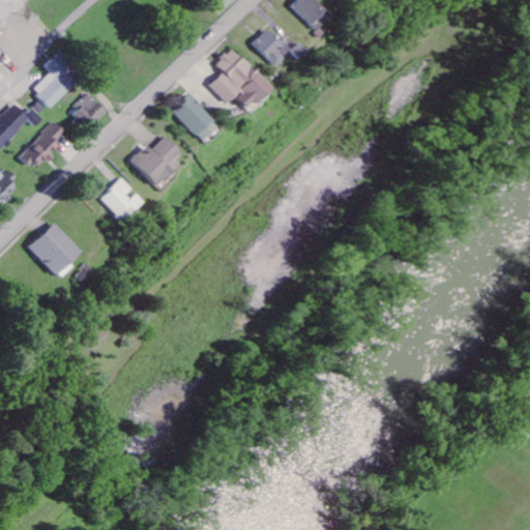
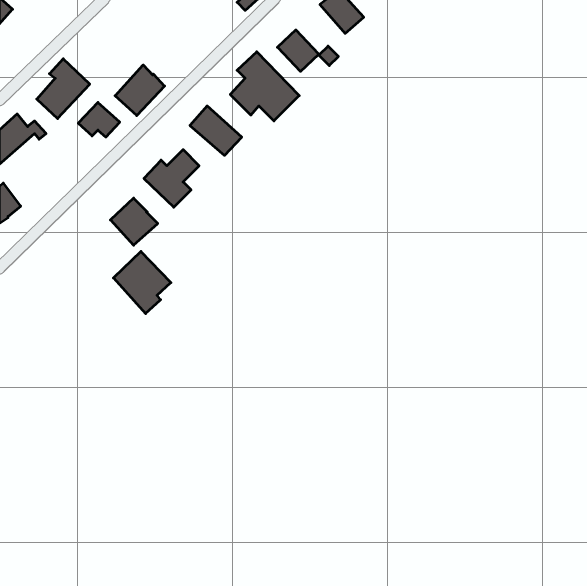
building: none -> [115,65,165,116]
building: [22,122,64,169] -> none
building: [29,223,81,278] -> [113,251,171,314]

